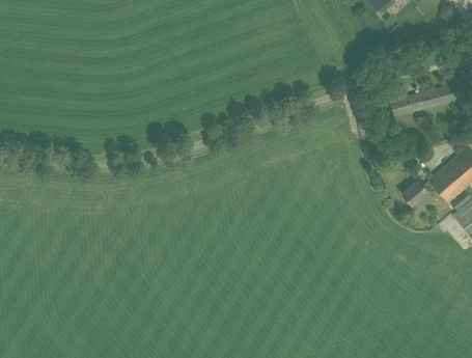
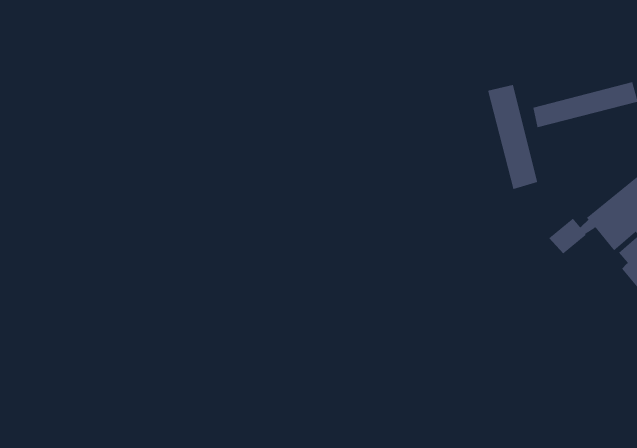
building: none -> [488,84,538,190]

